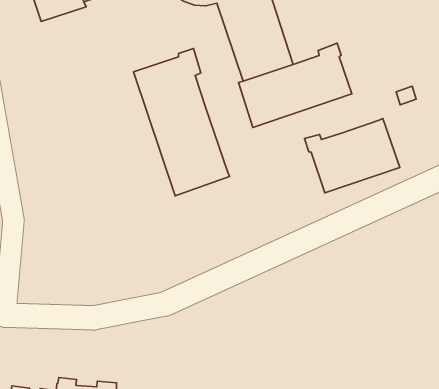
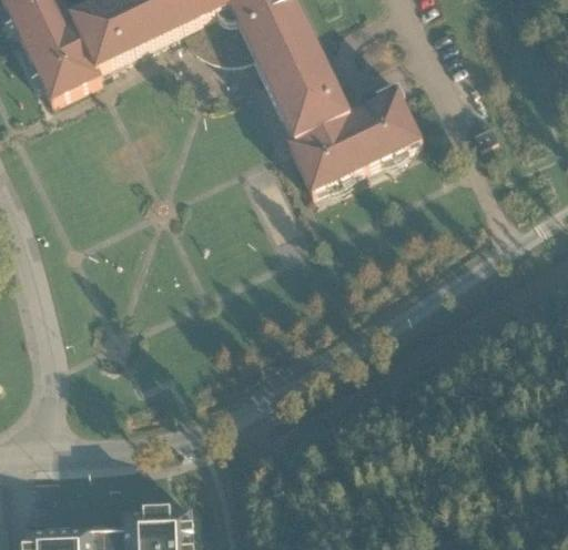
building: [133,49,230,196] -> none
building: [305,119,400,193] -> none

